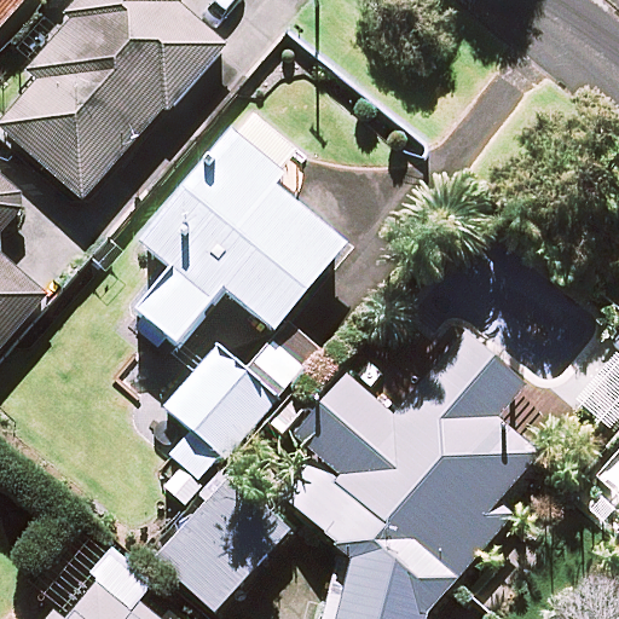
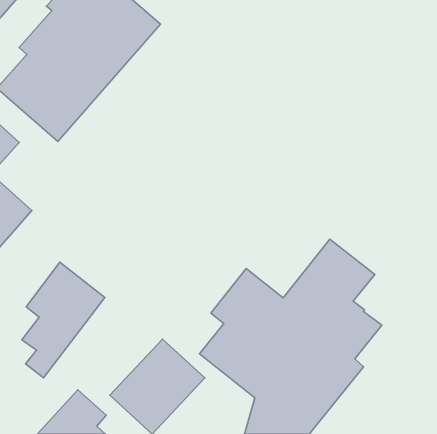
building: [138,114,345,343] -> none
building: [160,346,276,508] -> [22,262,105,378]

